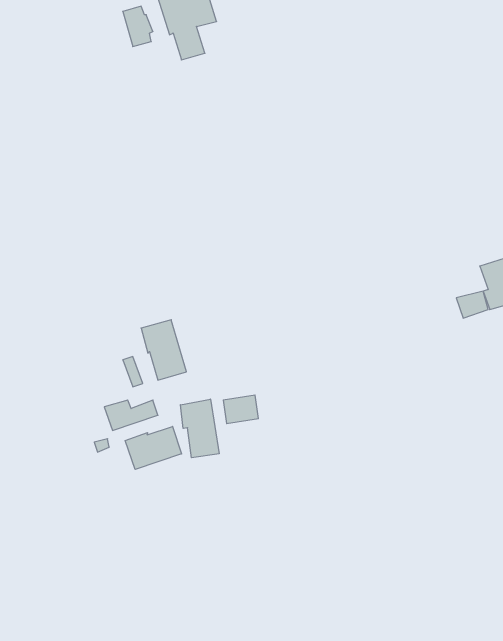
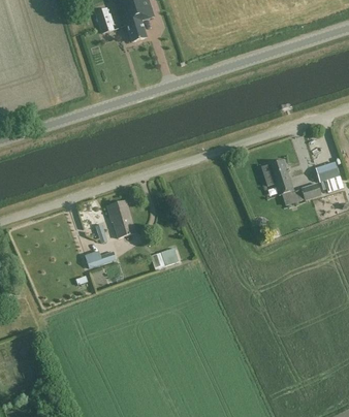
building: none -> [267,159,293,194]
building: [180,399,219,458] -> none
building: [125,426,182,469] -> none

